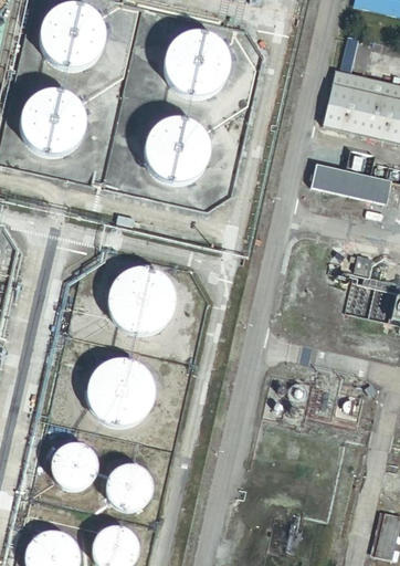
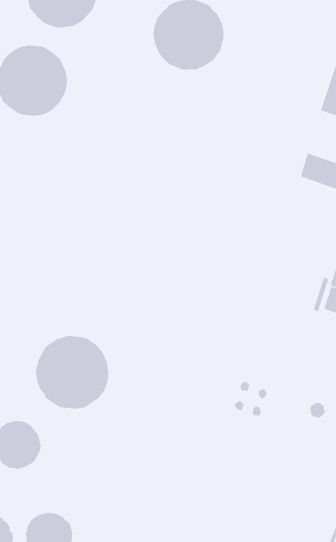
building: [143,117,209,185] -> none
building: [106,266,176,335] -> none
building: [107,467,152,512] -> none

